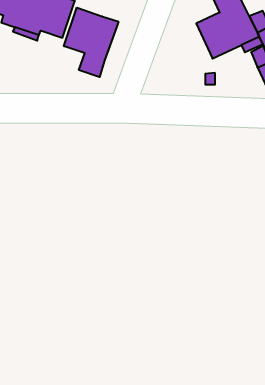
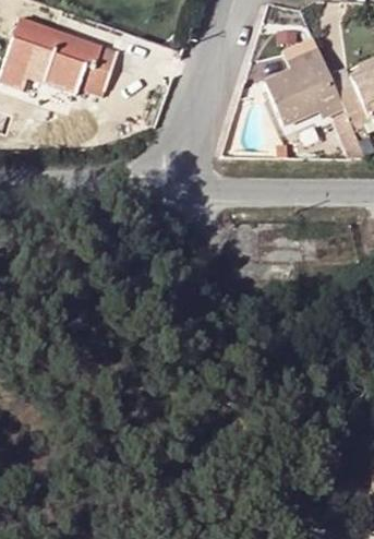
building: [64,8,118,77] -> none

